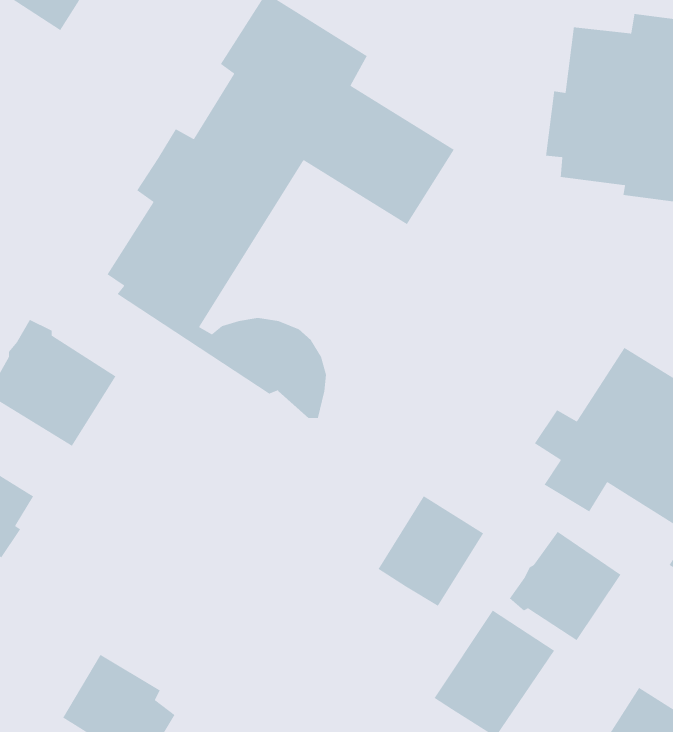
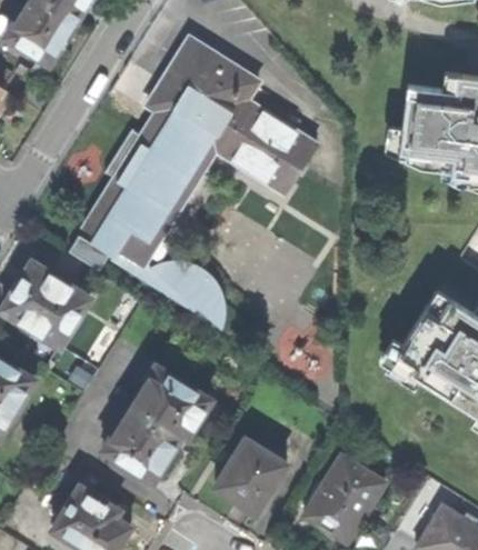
building: none -> [102,366,212,482]
building: [378,495,484,607] -> [216,438,288,513]
building: [509,531,621,641] -> none

